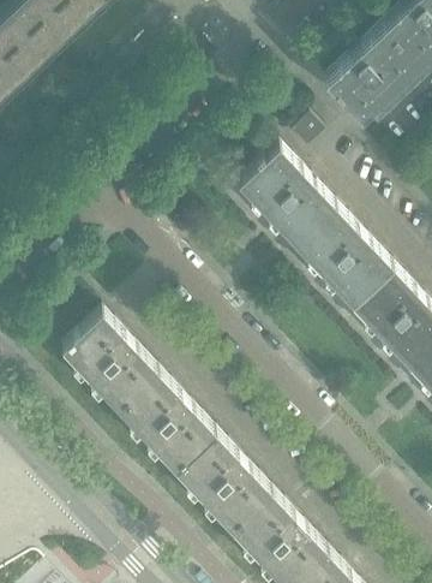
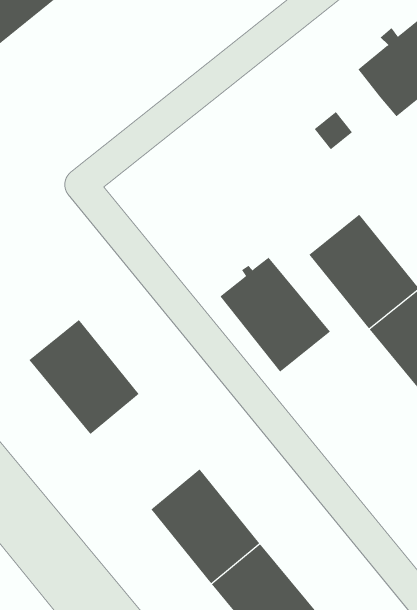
building: [239,149,336,248] -> [220,257,331,373]
building: [120,377,216,476] -> none

